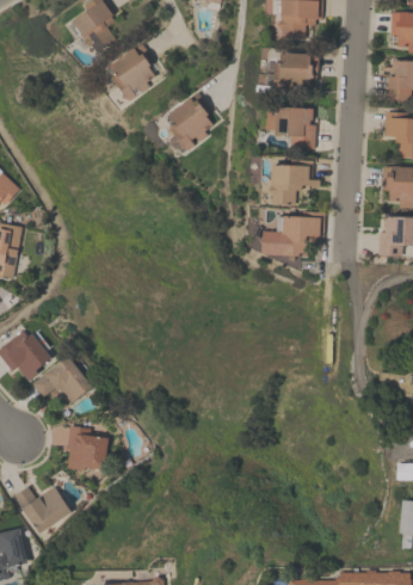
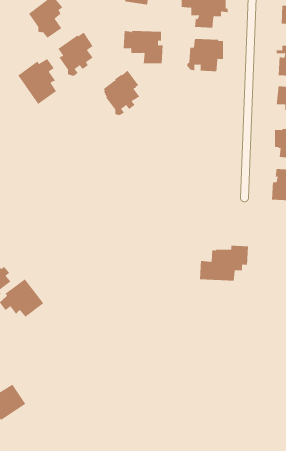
building: none -> [18,58,57,105]
building: [264,107,315,149] -> [123,31,164,64]
building: [267,159,320,205] -> none
building: [261,211,323,257] -> [199,245,249,281]
building: [66,425,107,470] -> none

